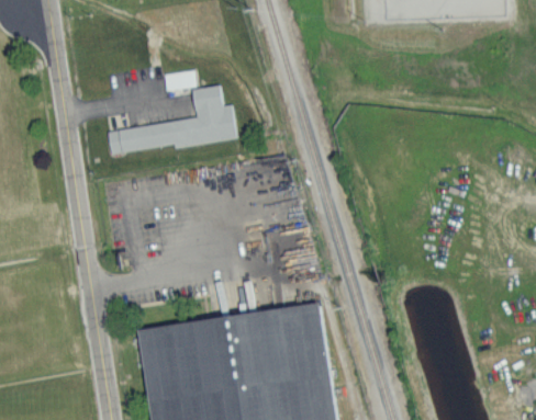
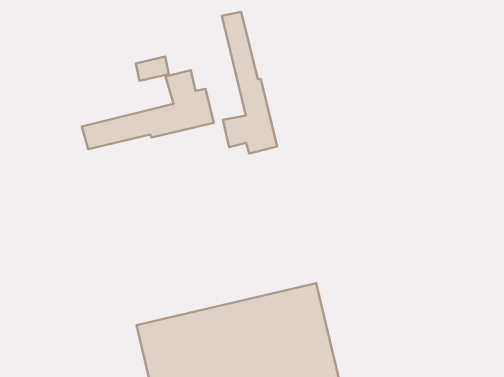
building: none -> [222,12,277,153]

